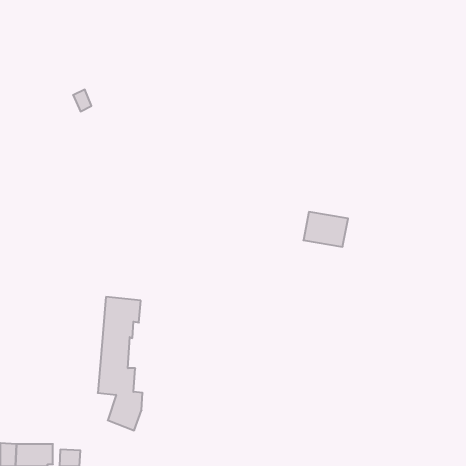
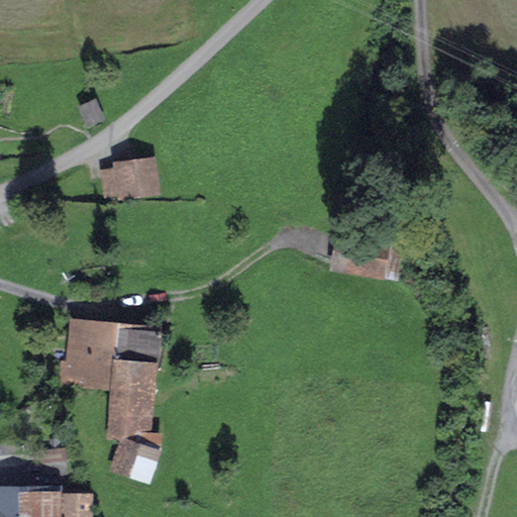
building: none -> [104,163,154,196]
building: none -> [62,324,118,387]

